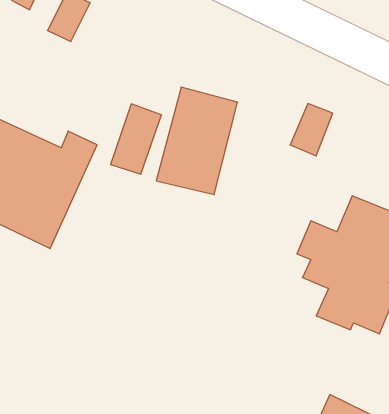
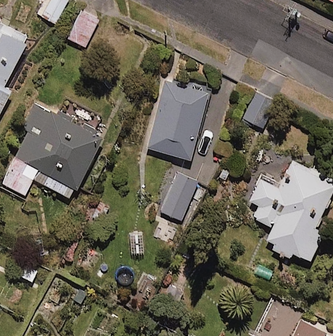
building: [111,104,162,174] -> [162,171,199,222]

